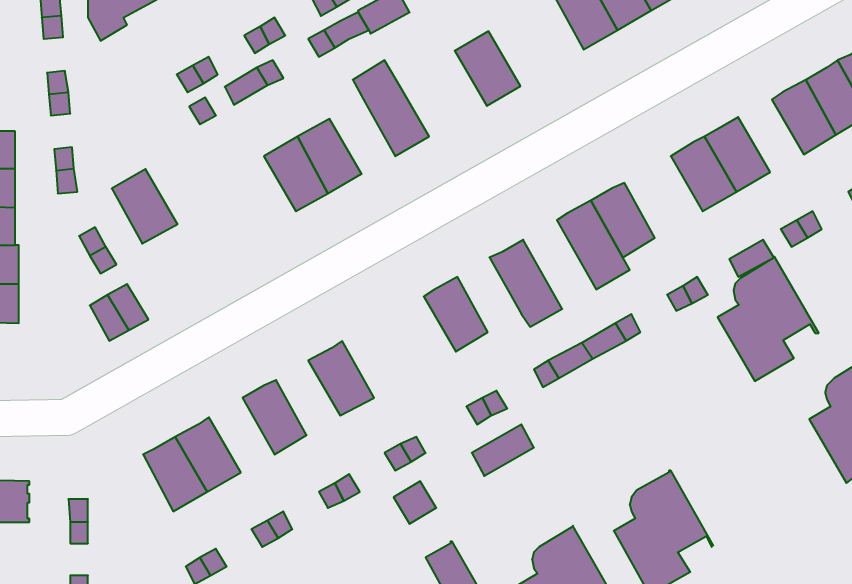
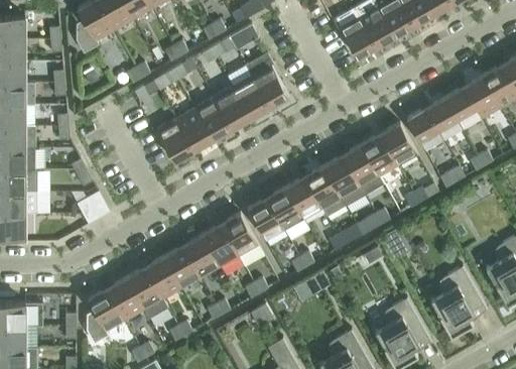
building: [455,31,520,106] -> [251,66,288,108]
building: none -> [213,87,250,129]
building: none -> [444,87,482,128]
building: none -> [380,123,417,165]
building: [112,169,178,244] -> [156,119,194,161]
building: none -> [322,155,364,206]
building: [718,257,819,381] -> [429,265,487,336]
building: none -> [285,176,321,219]
building: none -> [247,199,284,241]
building: none -> [220,213,257,256]
building: none -> [182,235,219,277]
building: none -> [144,256,181,298]
building: none -> [86,288,124,344]

